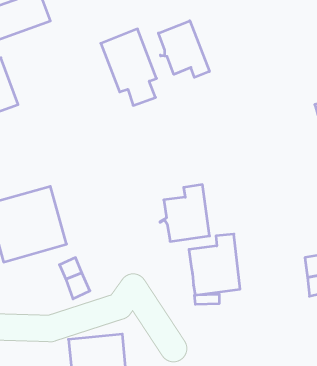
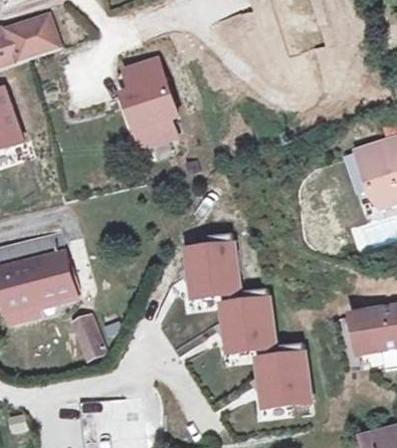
building: [158,21,209,77] -> none
building: none -> [254,342,310,405]

